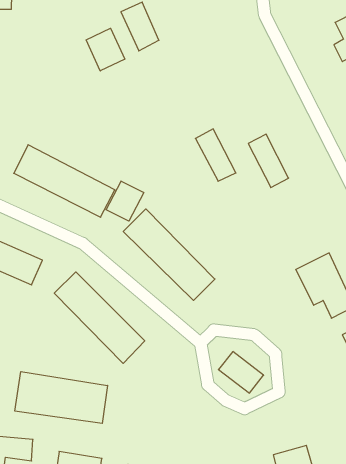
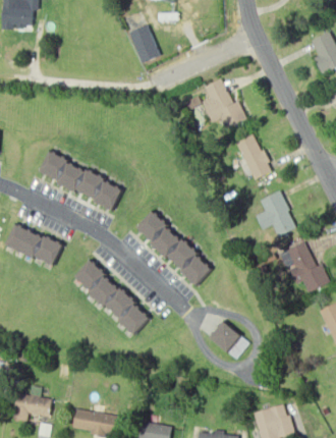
building: [86,28,125,71] -> none
building: [195,129,236,181] -> [209,84,243,128]
building: [106,181,144,221] -> none
building: none -> [263,190,297,236]
building: [15,372,108,423] -> none

